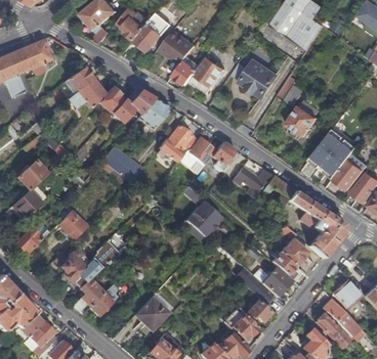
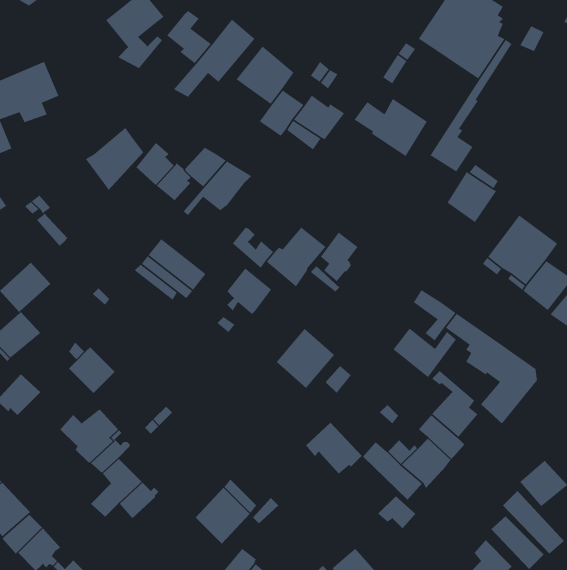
building: [65,66,93,94] -> none
building: [168,125,196,153] -> [226,268,272,315]
building: [232,168,270,198] -> [393,328,457,378]
building: [223,308,258,340] -> [305,422,363,474]

